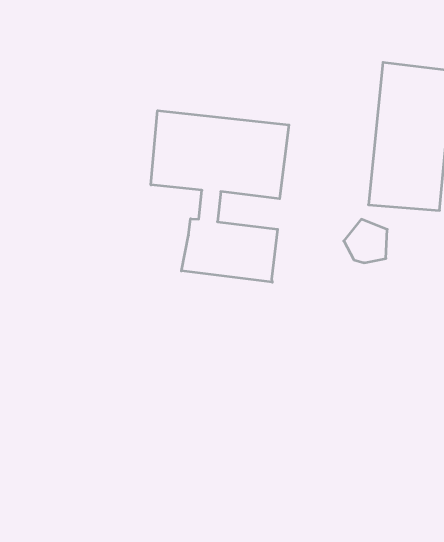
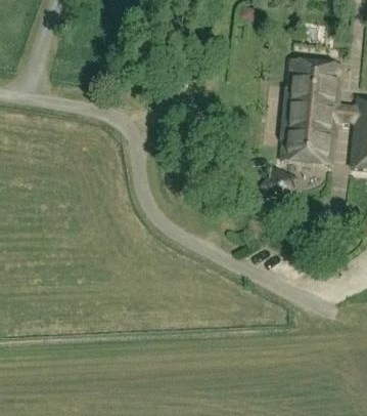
building: [151,111,289,282] -> none

